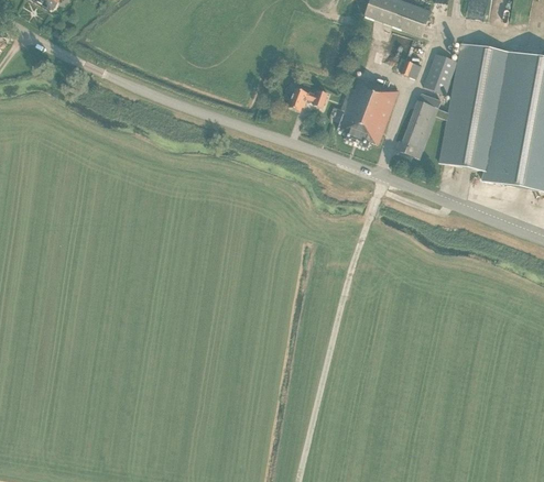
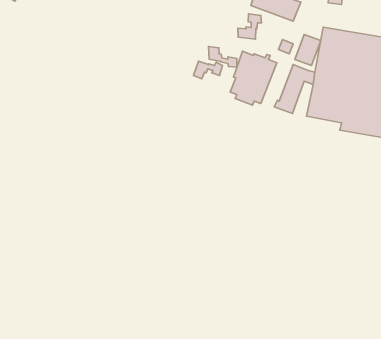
building: none -> [238,14,262,39]
building: none -> [209,47,237,67]

